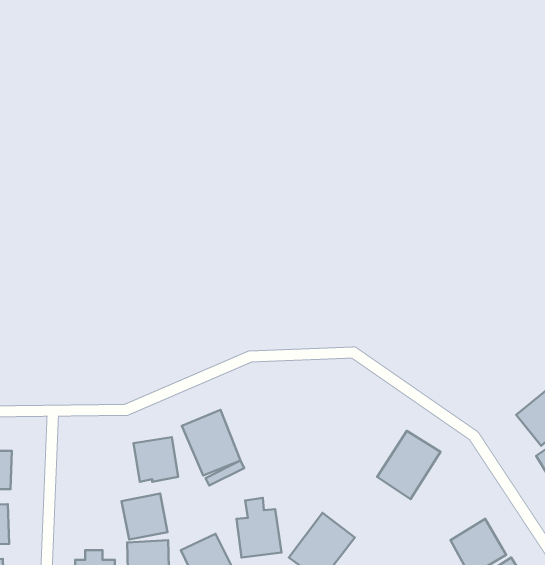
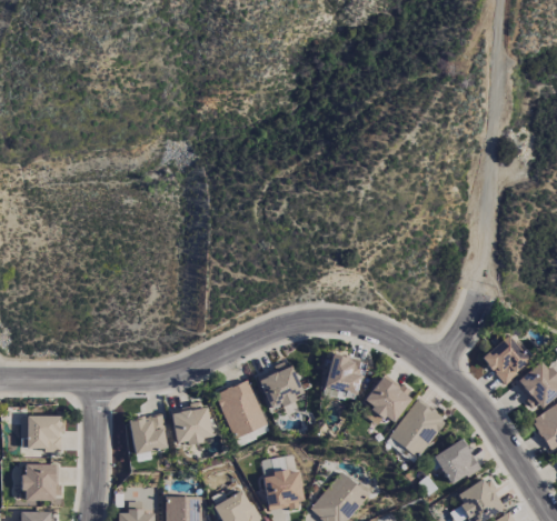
building: none -> [481,334,531,384]
building: none -> [322,352,366,401]
building: none -> [257,362,304,410]
building: none -> [362,372,412,422]
building: none -> [432,439,479,485]
building: [122,494,168,540] -> [128,413,169,454]

